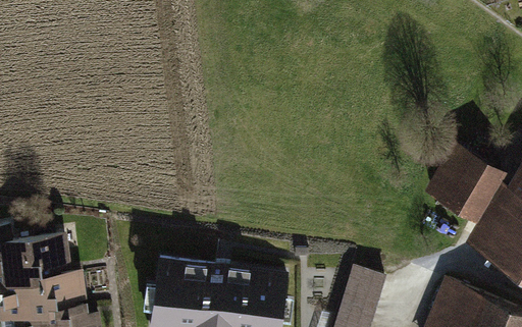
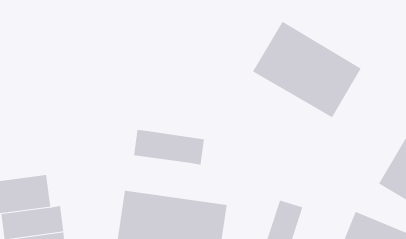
building: none -> [252,21,362,118]
building: [429,148,500,218] -> none
building: none -> [134,129,204,165]

